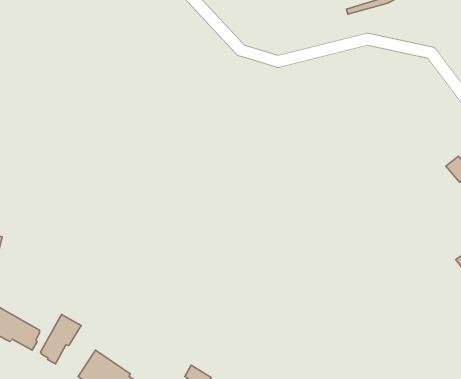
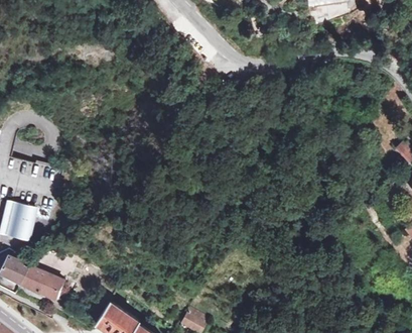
building: [41,314,81,364] -> none

